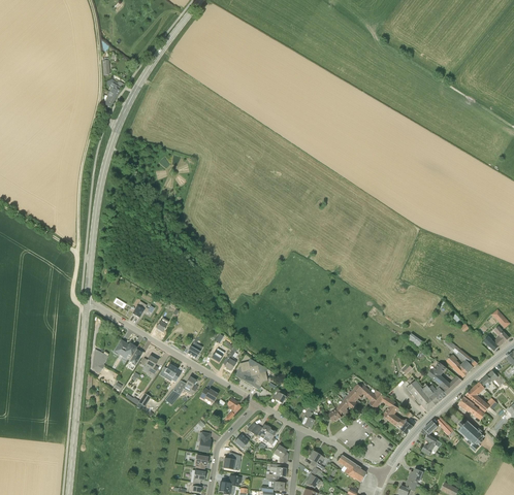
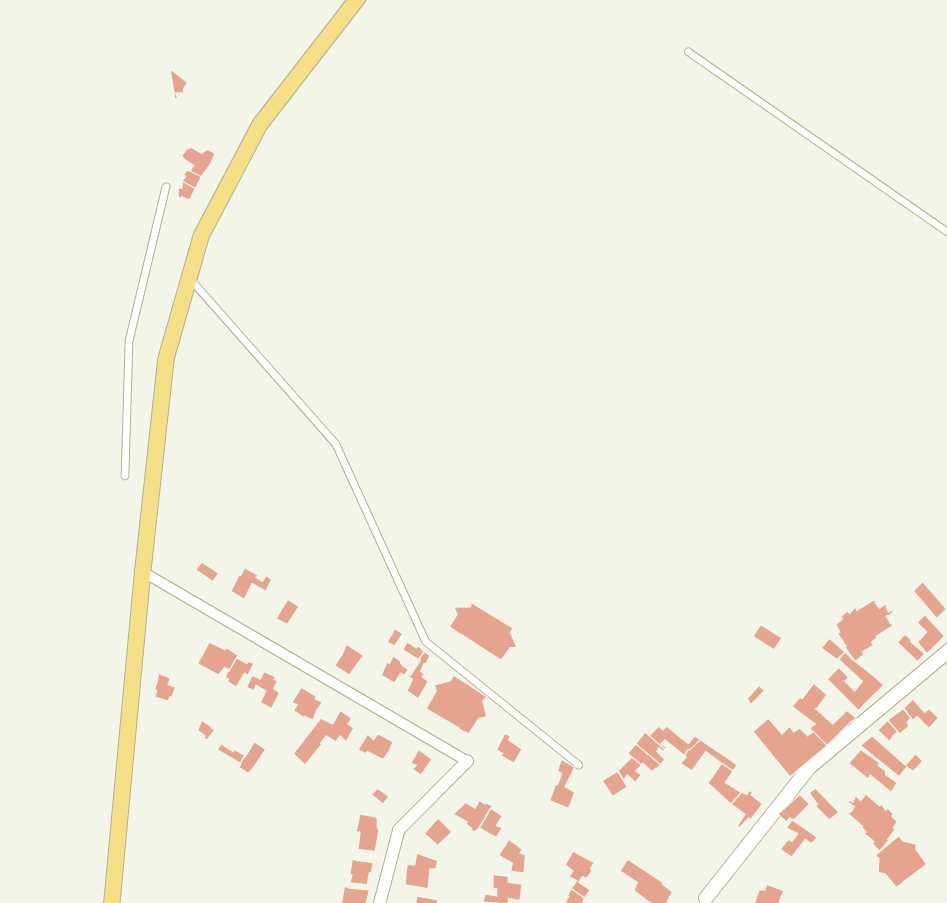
building: none -> [836,600,893,662]
building: none -> [449,602,517,660]
building: none -> [875,836,927,888]

